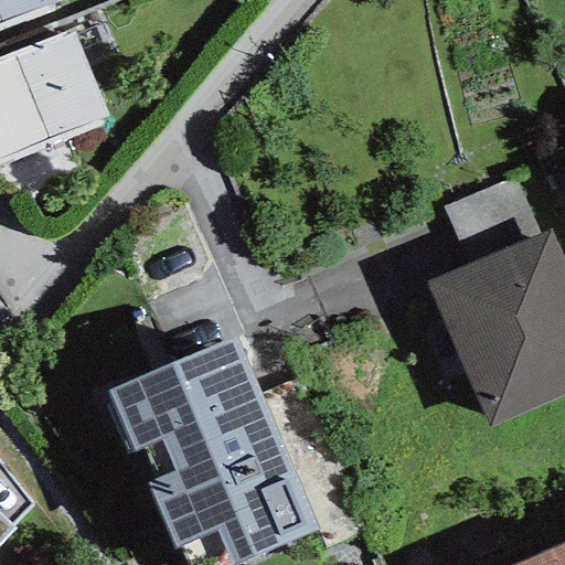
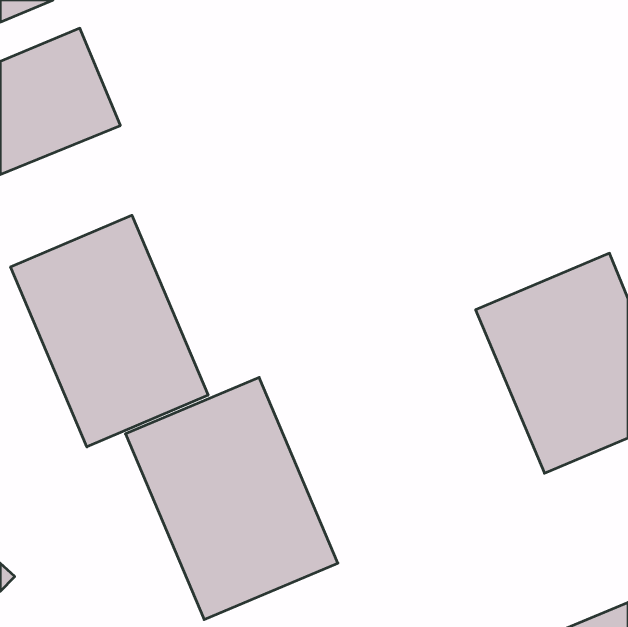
building: none -> [11,215,208,447]

